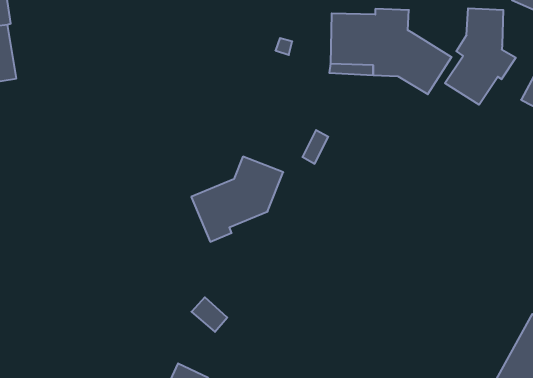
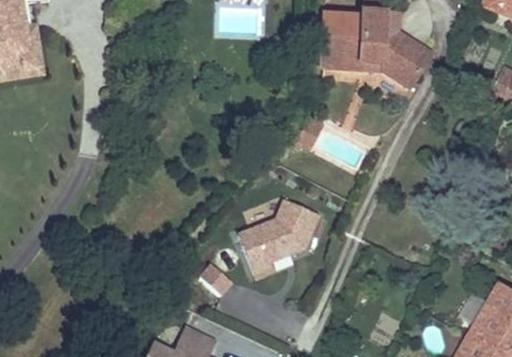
building: [445,8,516,105] -> none
building: [191,157,283,242] -> [236,200,318,276]

